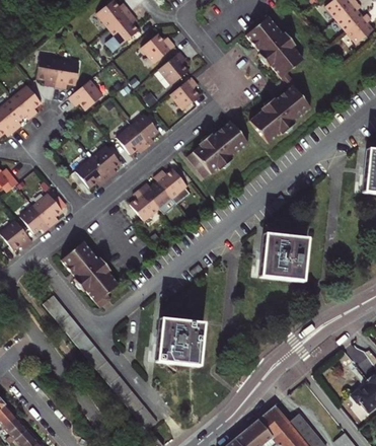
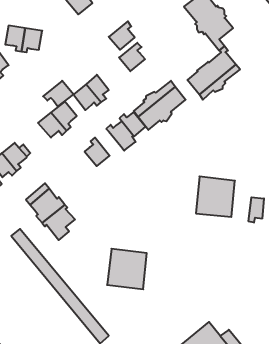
building: [140,33,174,63] -> none
building: [67,79,102,109] -> [43,81,73,107]
building: [141,180,171,209] -> [120,112,145,136]
building: none -> [249,197,264,223]

